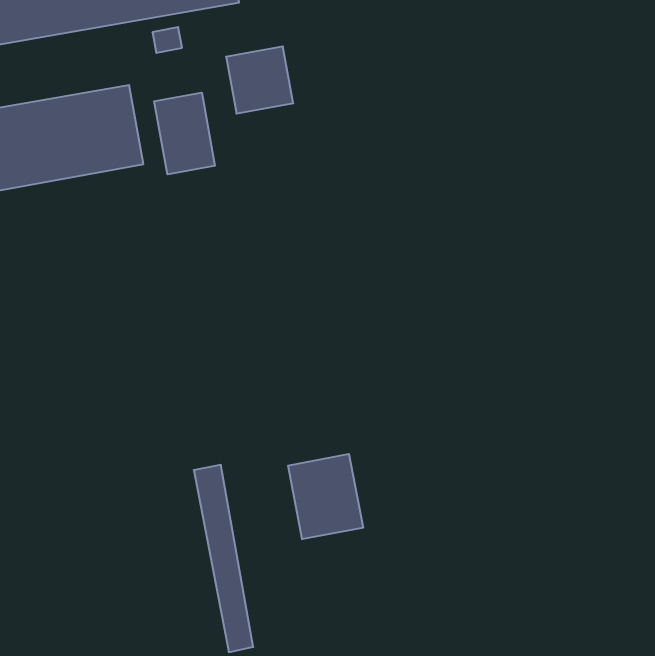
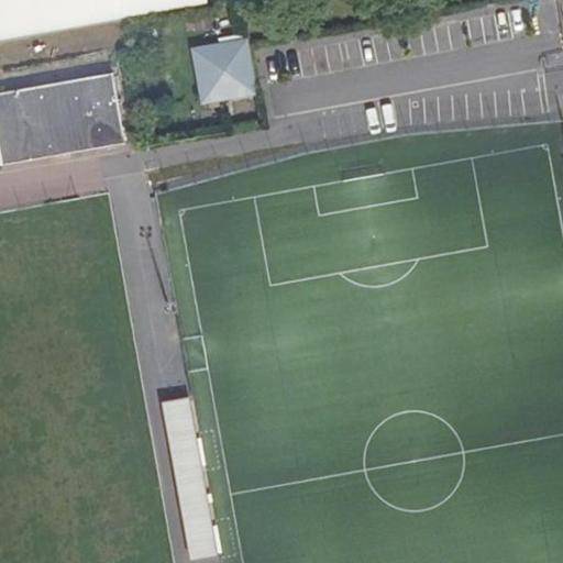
building: [154,93,215,174] -> none
building: [288,454,363,539] -> none

